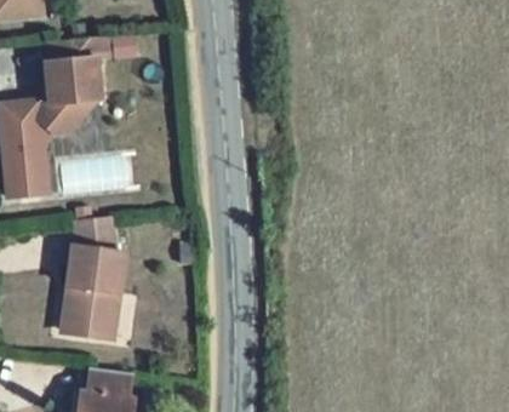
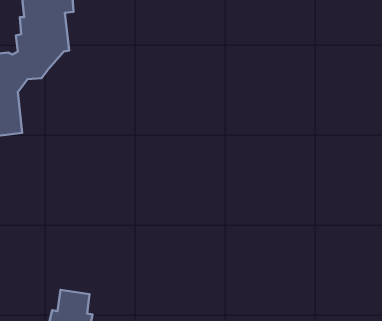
building: [64,218,121,342] -> none

